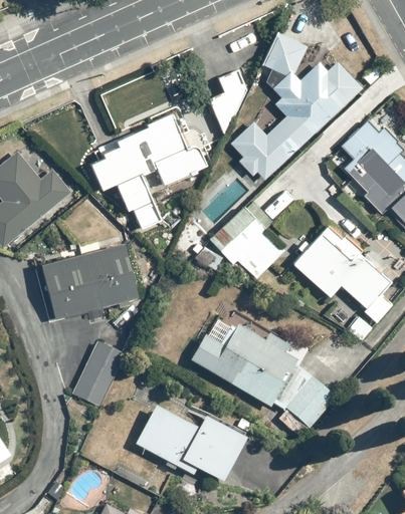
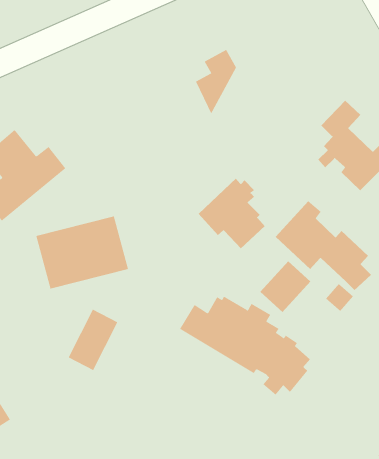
building: [231,29,362,179] -> none
building: [88,113,207,228] -> none
building: none -> [260,261,311,313]
building: [135,400,253,484] -> none

